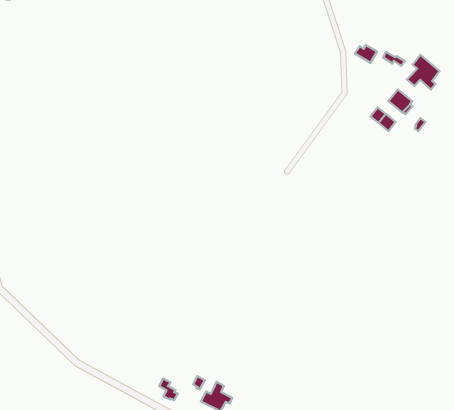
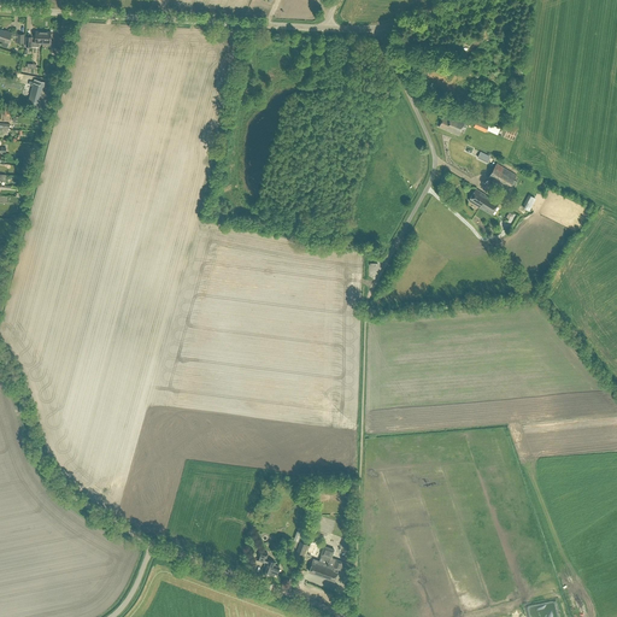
building: [407,55,440,89] -> none

